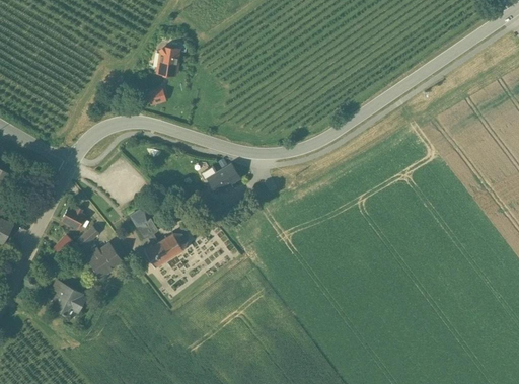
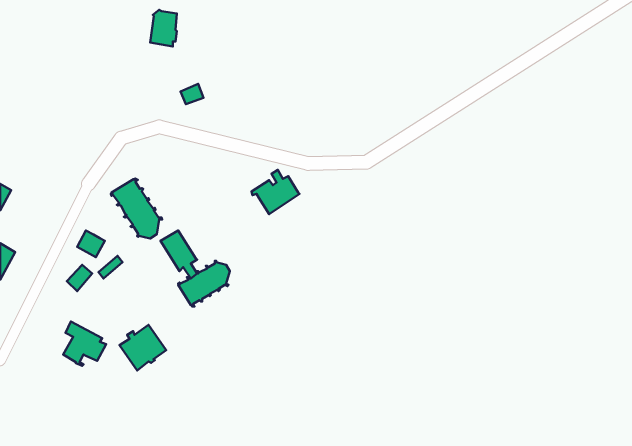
building: [157,46,178,75] -> [150,10,177,46]
building: none -> [111,178,162,239]
building: [86,241,124,278] -> [119,325,166,370]

